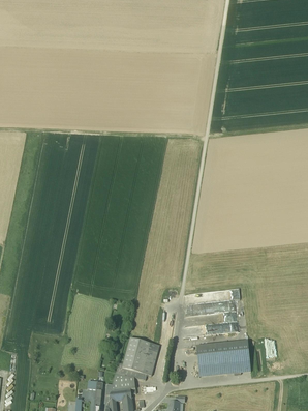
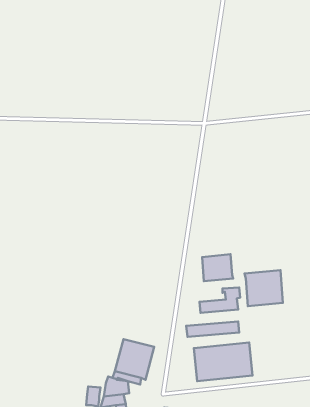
building: none -> [202,254,233,281]
building: none -> [244,270,283,306]

